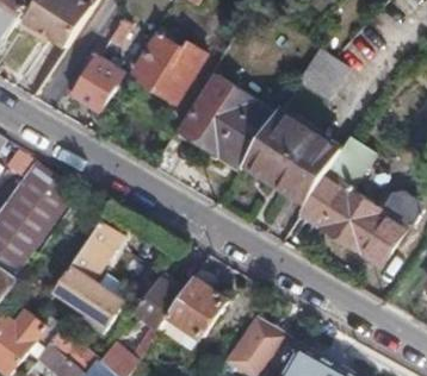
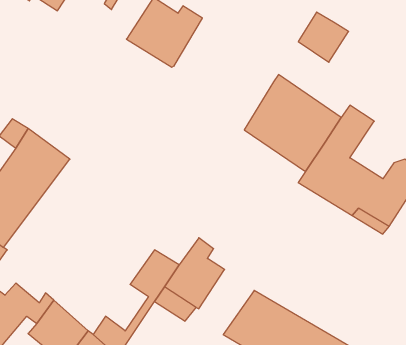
building: [72,52,122,109] -> none
building: [180,77,273,170] -> none
building: [54,223,119,332] -> none

